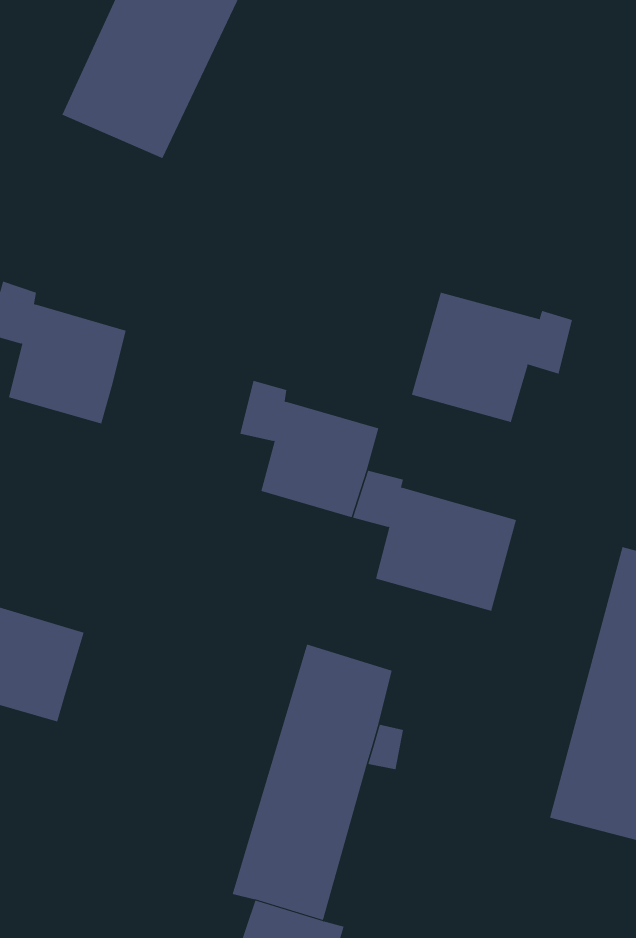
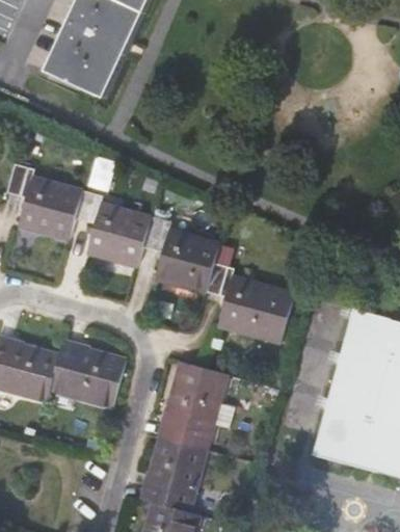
building: [411,292,573,423] -> none
building: none -> [75,190,151,266]
building: none -> [49,340,126,407]

